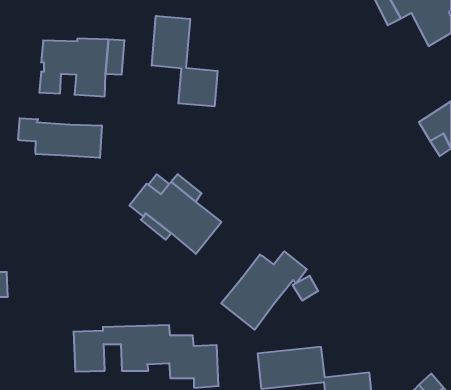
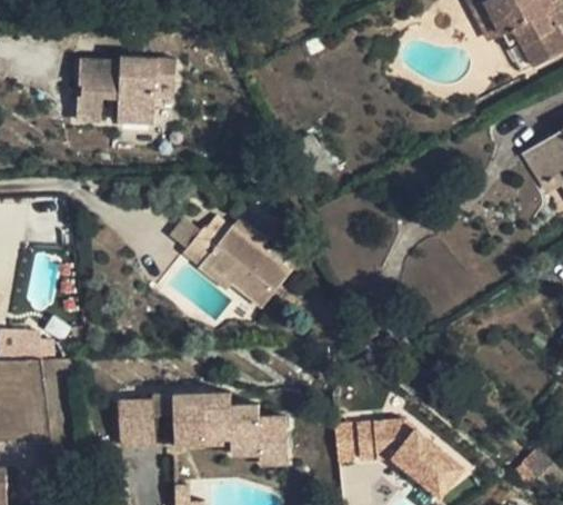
building: [152,16,217,106] -> none
building: [18,118,102,158] -> none
building: [221,251,307,330] -> none

